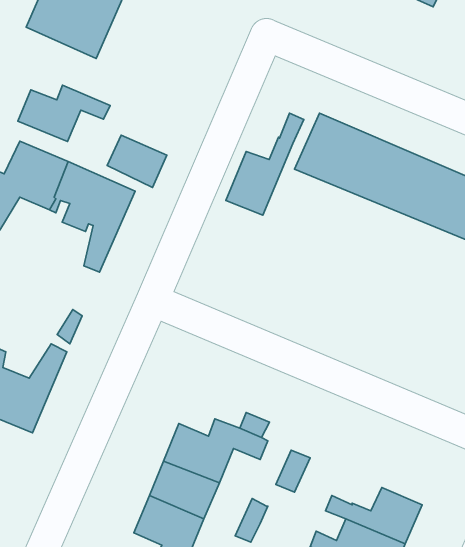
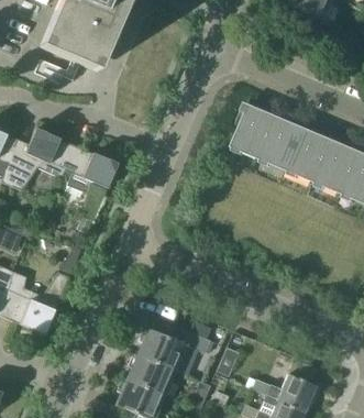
building: [18,85,110,142] -> none
building: [226,113,304,215] -> none
building: [107,135,167,188] -> none

